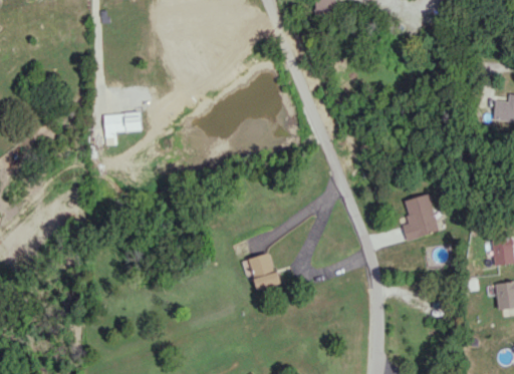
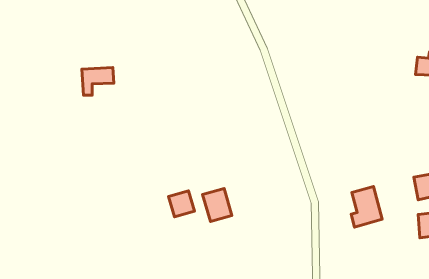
building: [403,194,439,241] -> [351,186,382,227]
building: none -> [168,191,195,217]

